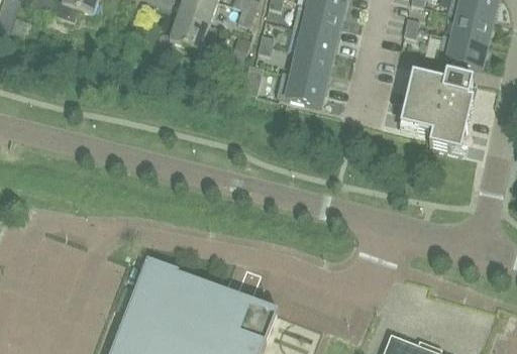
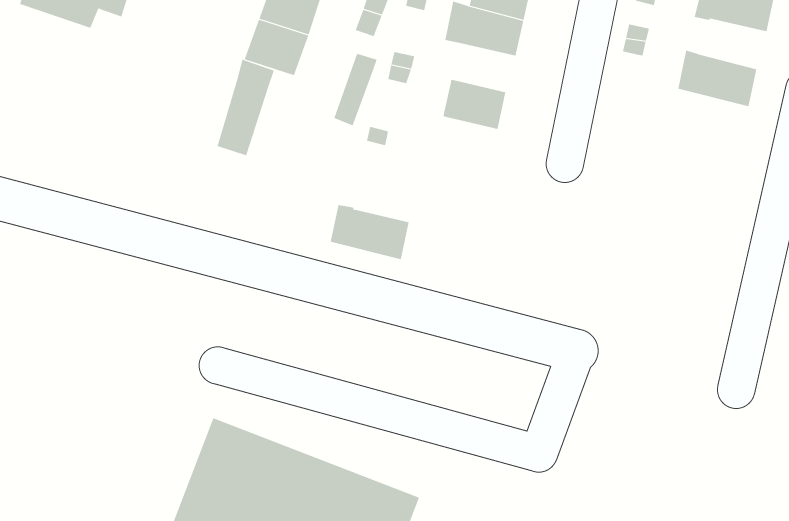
building: [452,12,493,43] -> none
building: [297,27,337,57] -> none
building: none -> [217,59,274,156]
building: [277,70,326,104] -> [330,204,410,260]
building: [400,73,474,152] -> none

